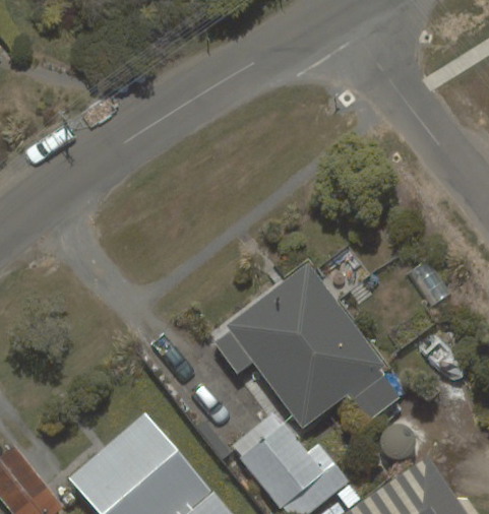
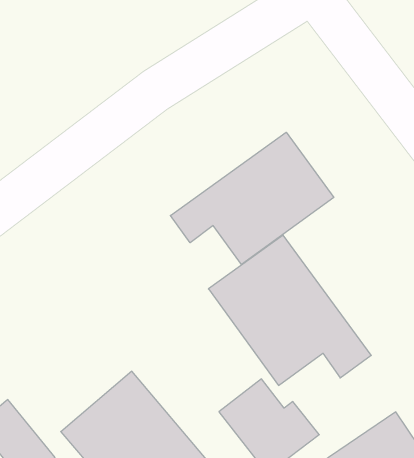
building: none -> [170,132,334,264]

